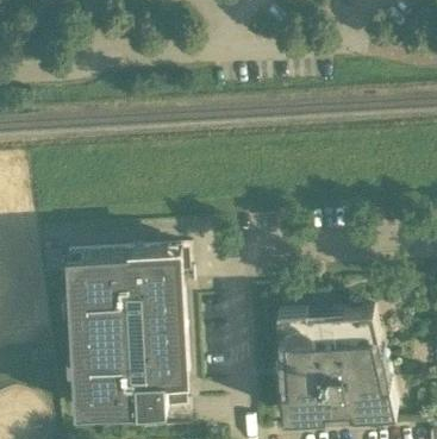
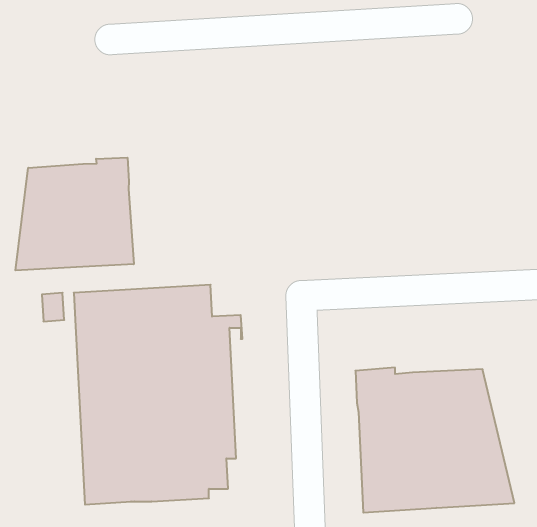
building: none -> [15,158,134,270]

